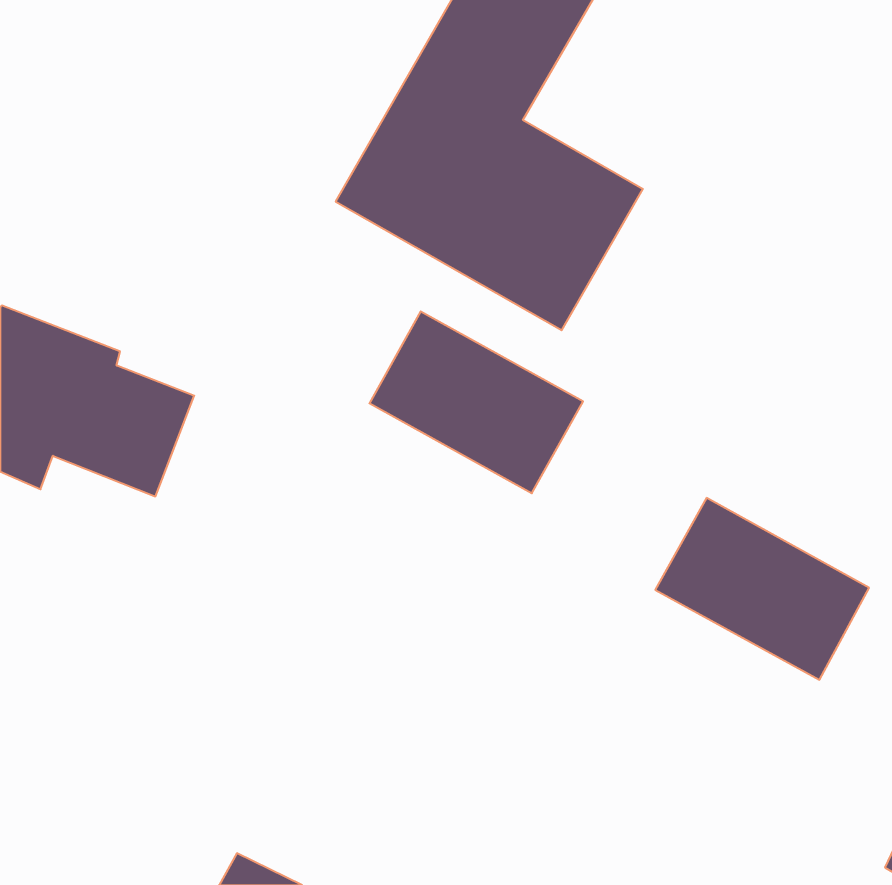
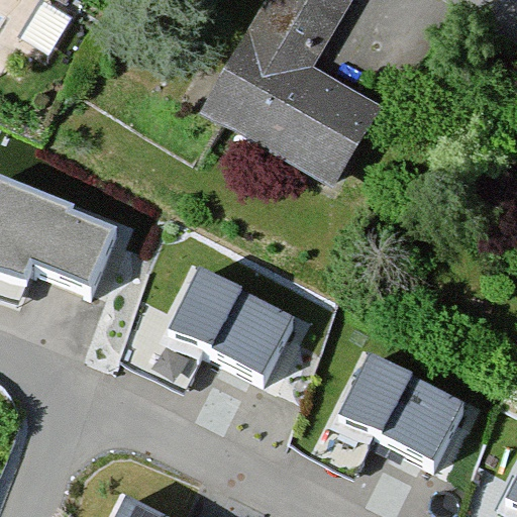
building: [369,311,583,493] -> [174,272,296,376]
building: [655,498,869,680] -> [345,356,468,460]

